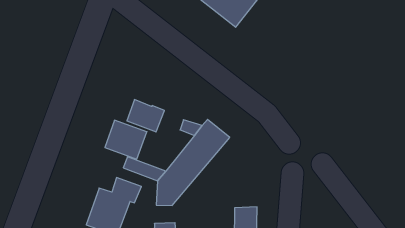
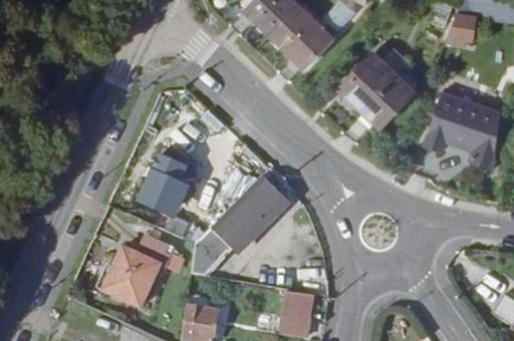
building: none -> [339,52,414,127]
building: none -> [424,92,501,168]

